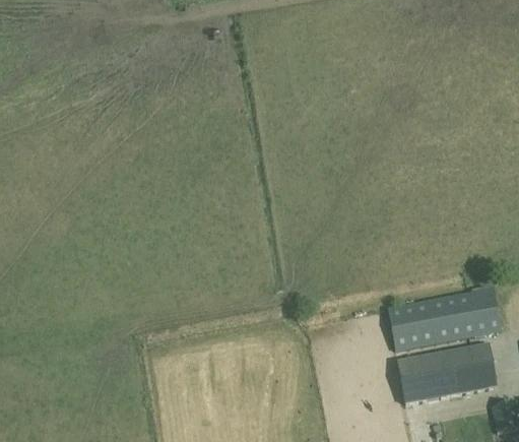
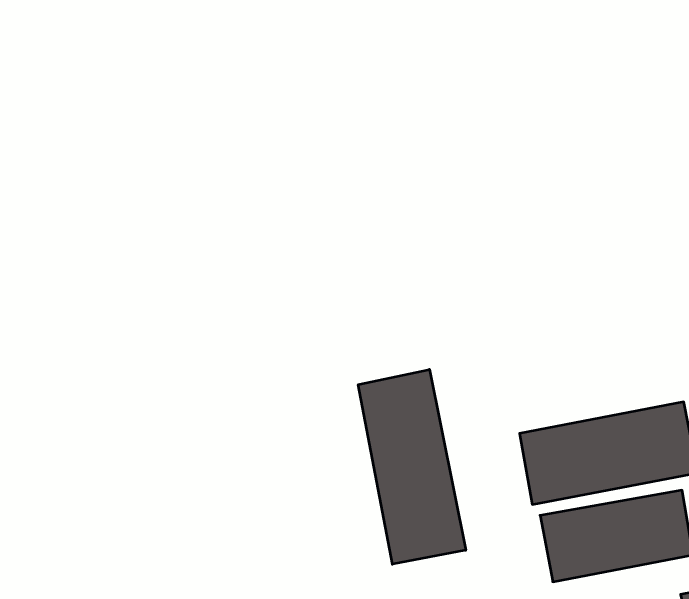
building: none -> [358,369,466,564]

